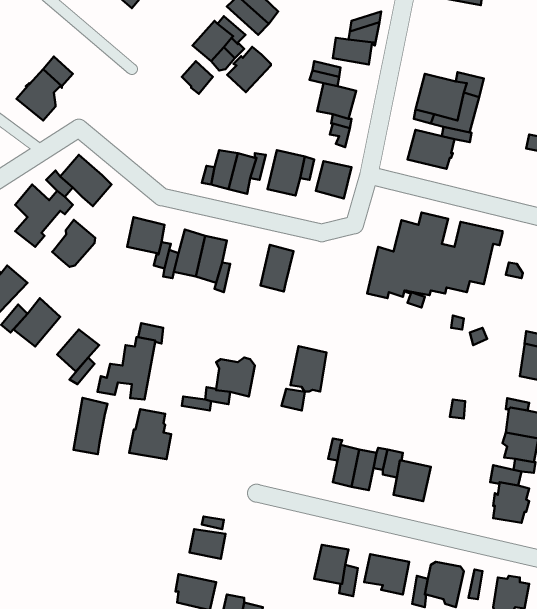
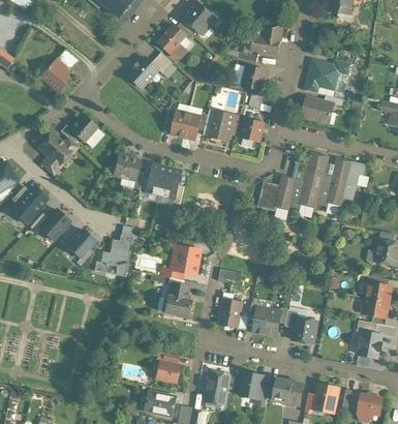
building: [227,47,271,92] -> [128,57,157,87]
building: [52,220,95,267] -> none
building: [261,245,293,292] -> [257,180,279,211]
building: [291,346,326,391] -> [217,298,241,328]
building: [74,398,108,454] -> none
building: [129,409,171,459] -> [164,283,192,316]
building: none -> [205,372,228,404]

